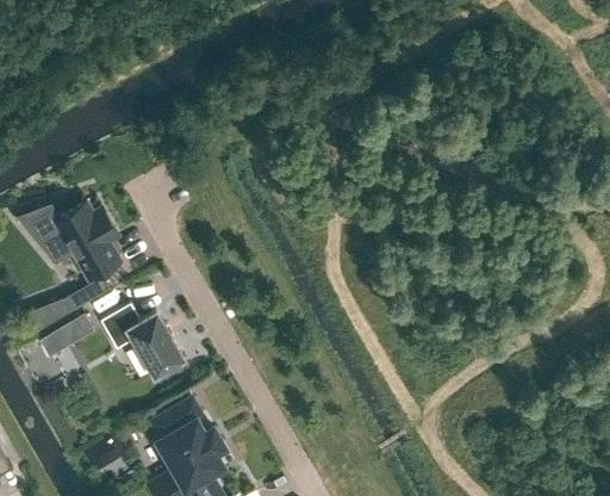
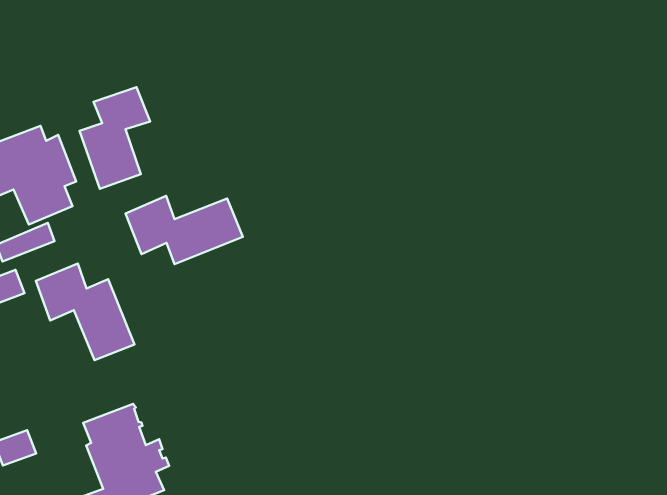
building: none -> [80,87,150,189]
building: none -> [126,196,243,264]

